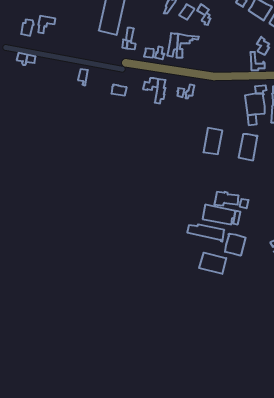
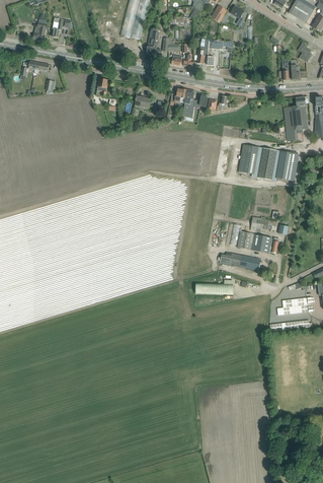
building: none -> [254,147,282,181]
building: [225,234,246,256] -> none
building: [199,253,226,274] -> none

